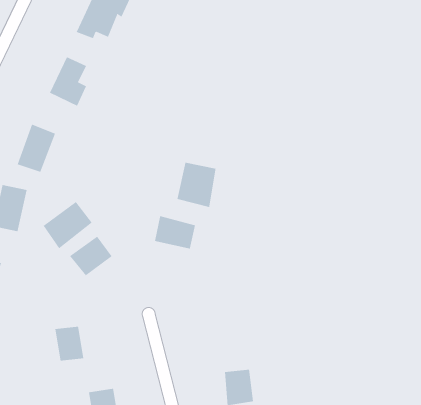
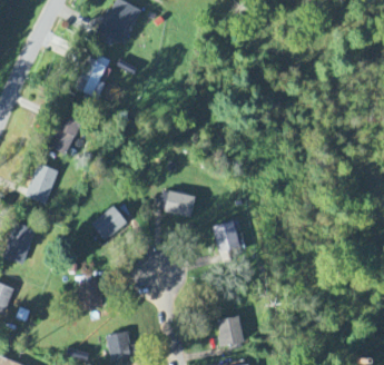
building: [177,162,216,208] -> none
building: [43,201,93,249] -> none
building: none -> [214,221,238,250]

